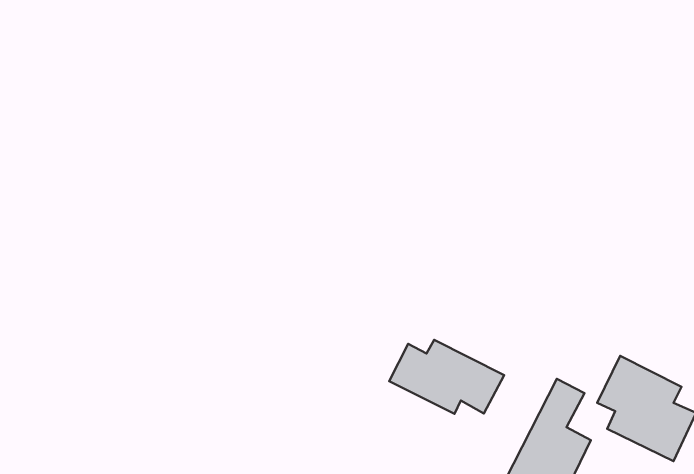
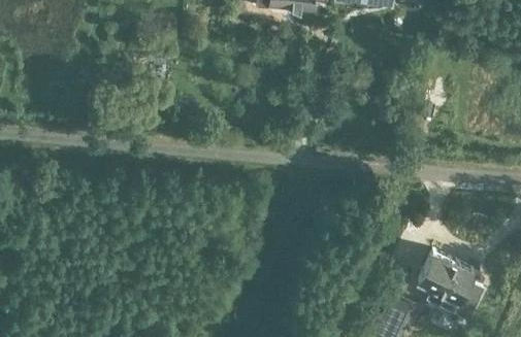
building: [389,340,504,414] -> none

